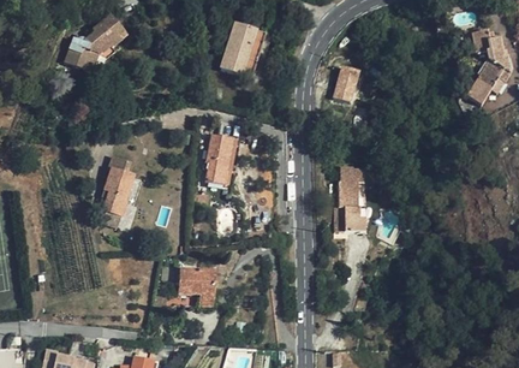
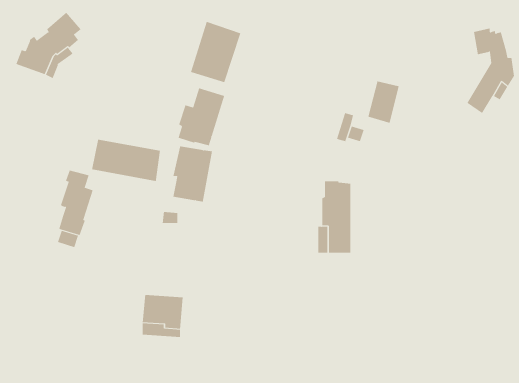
building: [332,63,360,101] -> [367,81,400,124]
building: none -> [178,87,225,146]
building: none -> [92,139,161,182]

